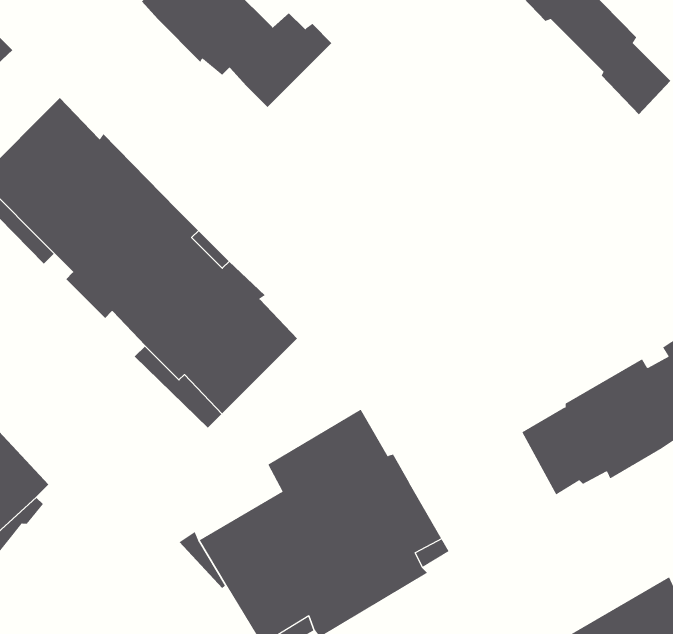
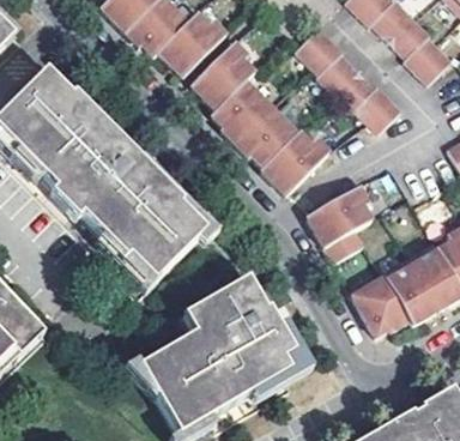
building: none -> [296,25,401,132]
building: none -> [189,40,327,191]
building: none -> [307,182,369,258]

